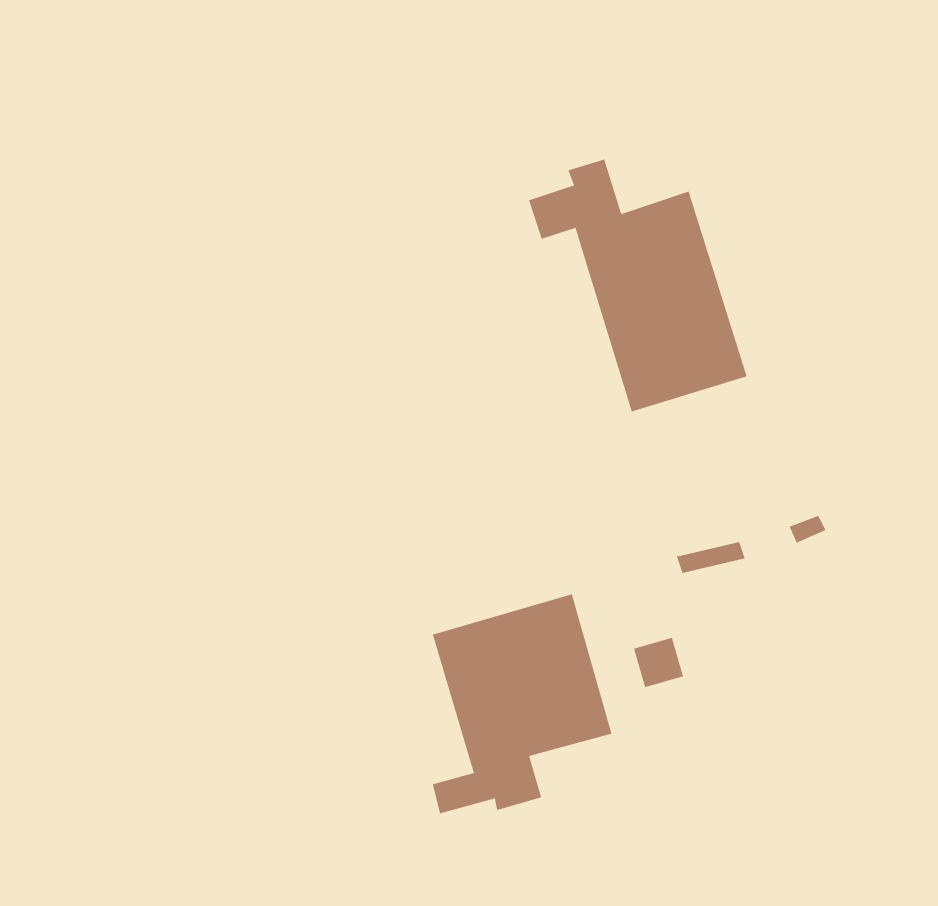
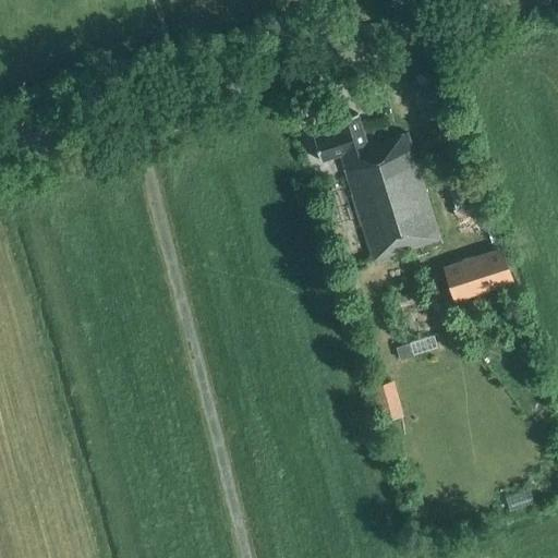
building: none -> [444,248,512,300]
building: [432,594,612,814] -> none

